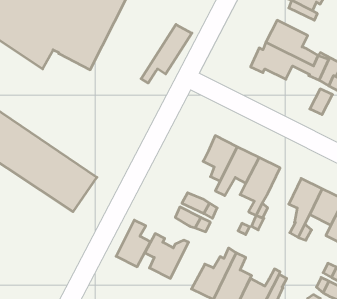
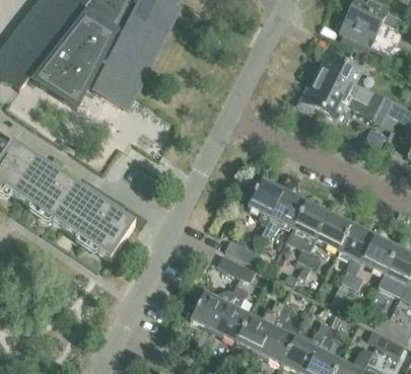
building: [141,24,192,83] -> none
building: none -> [318,212,353,250]
building: [116,220,150,267] -> [214,291,251,341]

